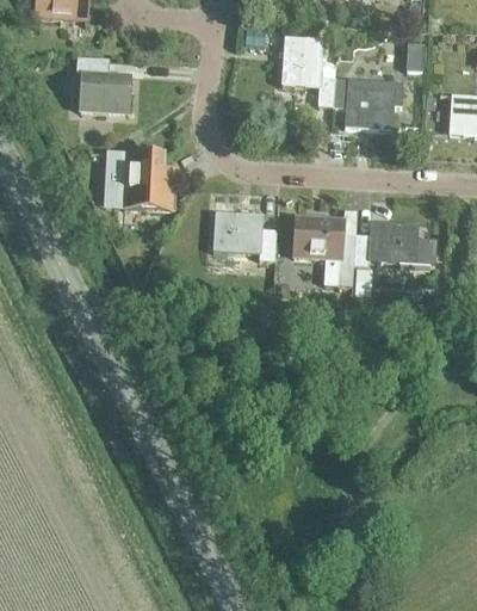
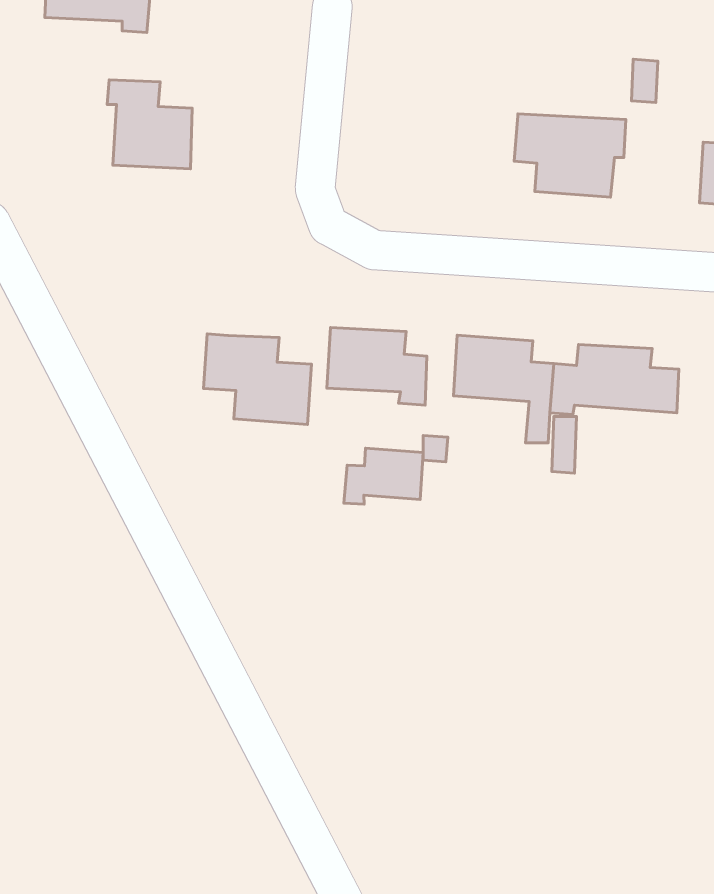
building: [281,36,335,106] -> none
building: [105,150,173,208] -> [204,334,311,425]
building: none -> [344,448,423,504]

